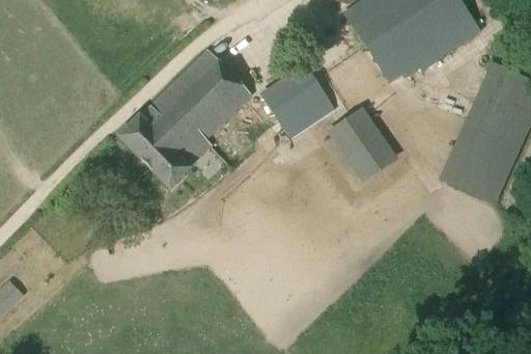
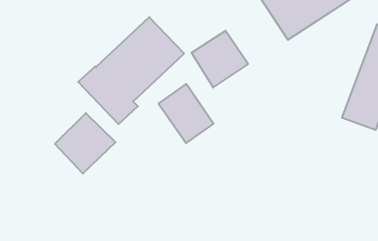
building: [329,100,399,175] -> [159,84,214,143]
building: none -> [55,113,116,174]

